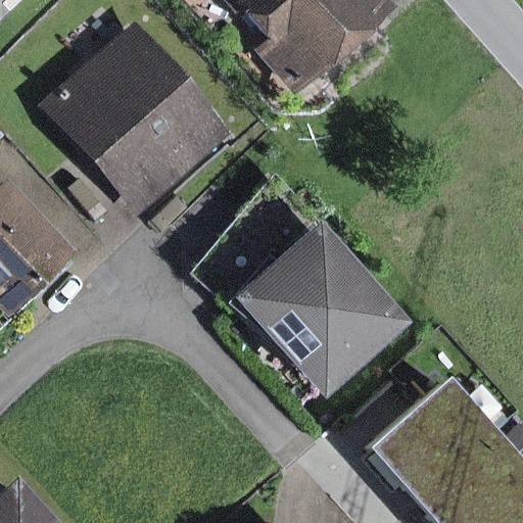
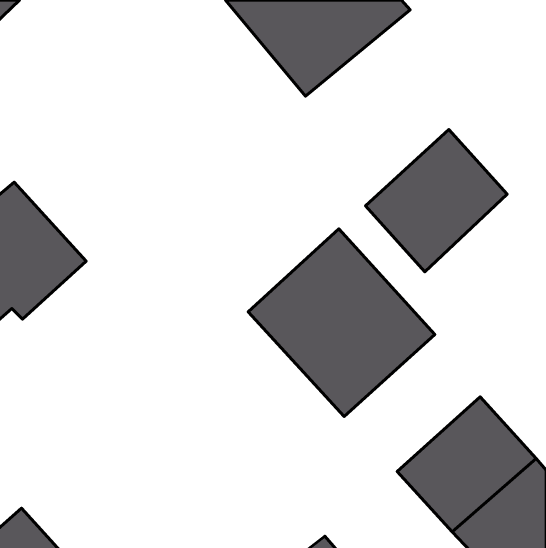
building: [40,14,239,216] -> none
building: none -> [365,130,507,272]

